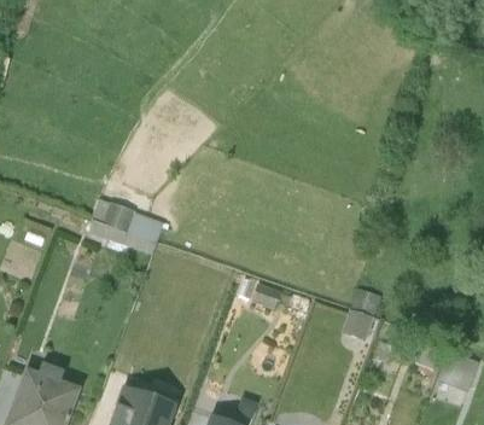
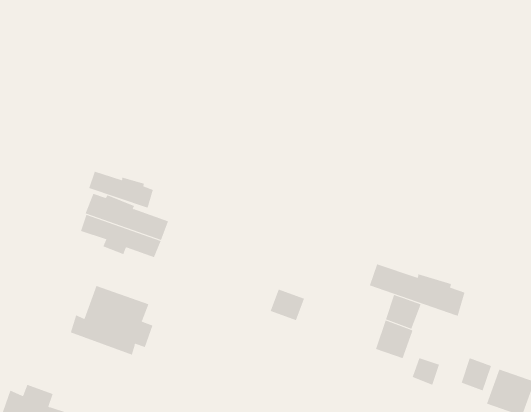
building: none -> [88,171,154,209]
building: none -> [369,263,465,317]
building: none -> [70,285,153,356]

